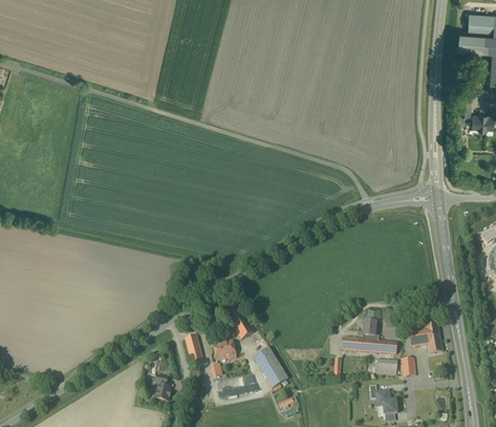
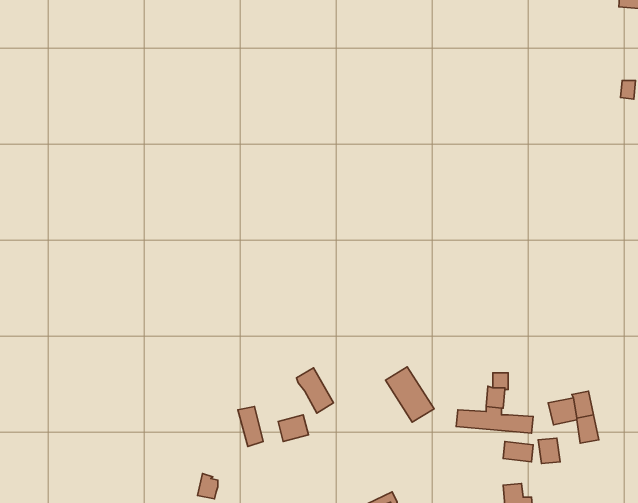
building: [253,349,288,388] -> [385,367,434,422]

